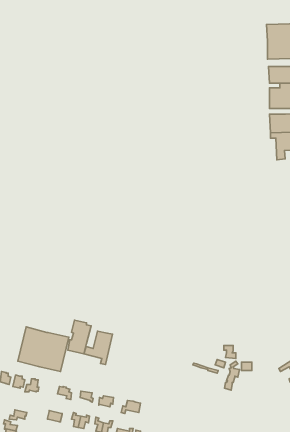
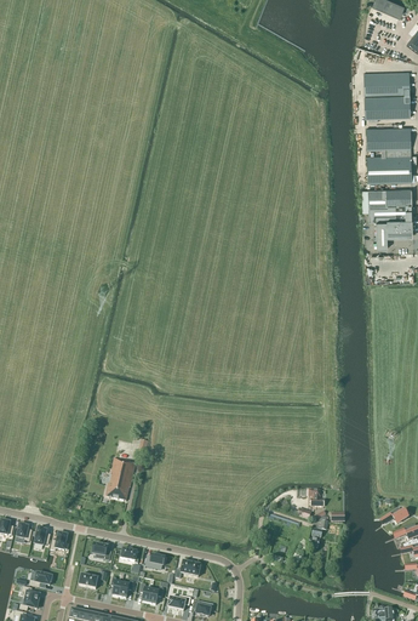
building: [18,327,69,371] -> none
building: [84,331,113,364] -> none

